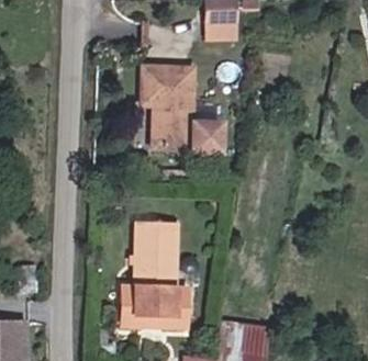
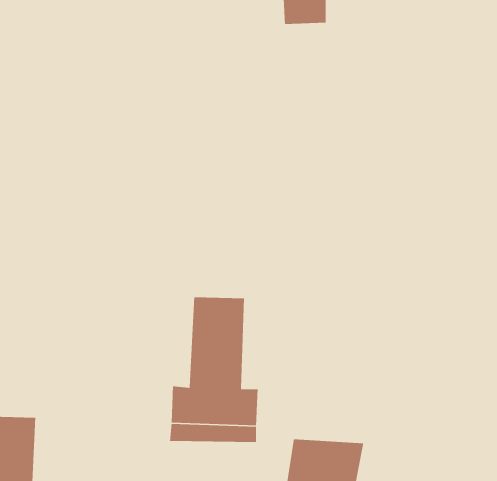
building: [142,68,219,153] -> none

